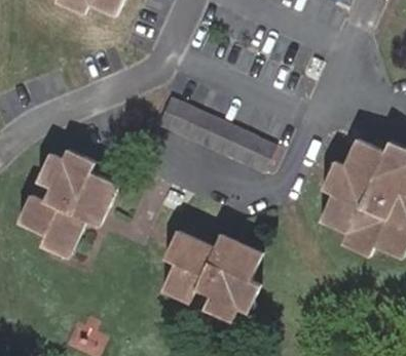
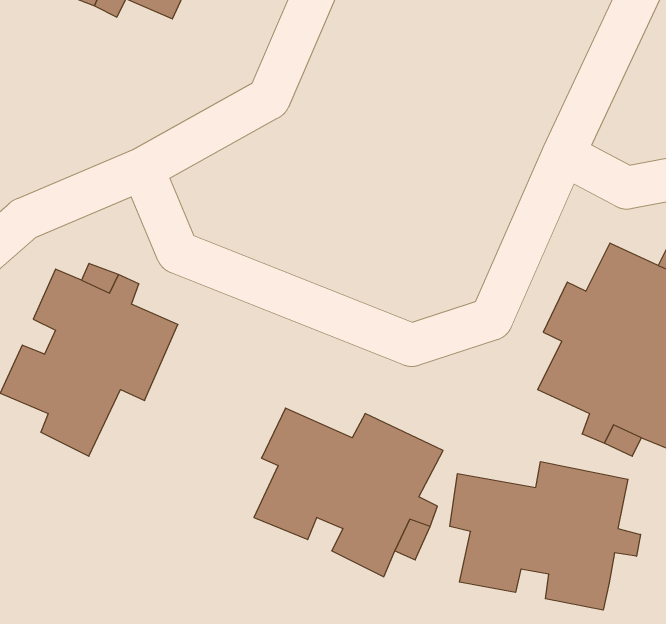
building: [158,98,275,173] -> none
building: none -> [450,462,641,610]

